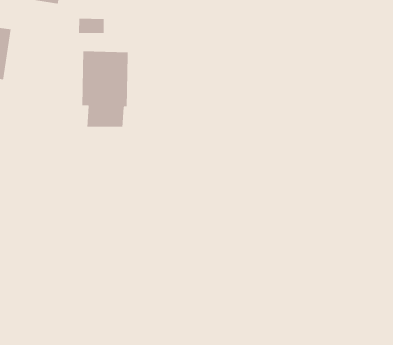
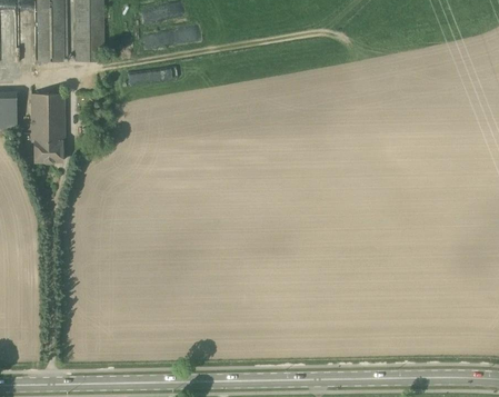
building: [82,51,128,127] -> none

